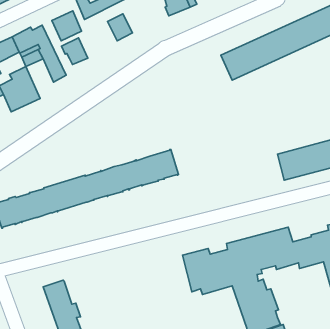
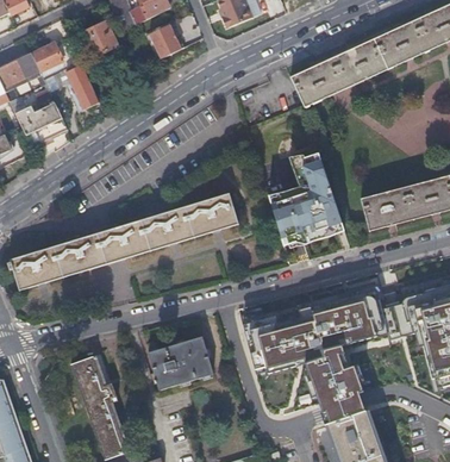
building: [62,38,88,65] -> none
building: none -> [269,152,343,245]
building: none -> [148,341,212,389]

